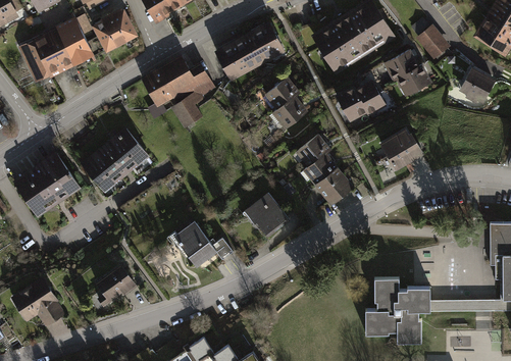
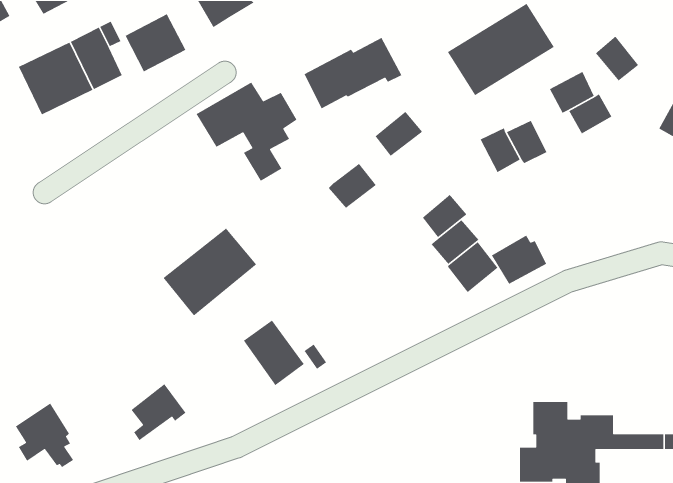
building: [272,97,306,128] -> [328,163,377,209]
building: [82,131,147,192] -> [163,228,257,316]
building: [380,132,419,166] -> [491,234,547,285]
building: [14,155,79,216] -> none
building: [244,194,288,238] -> none

